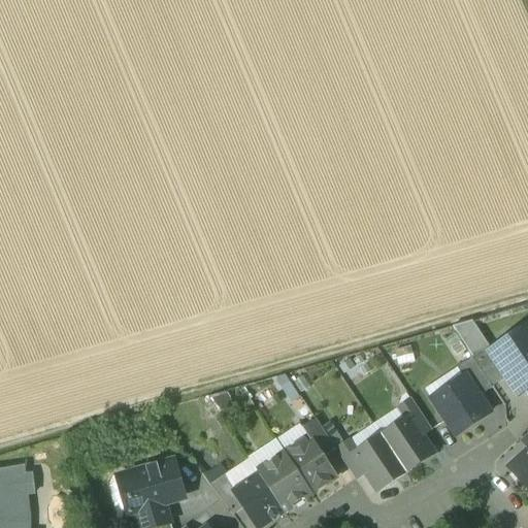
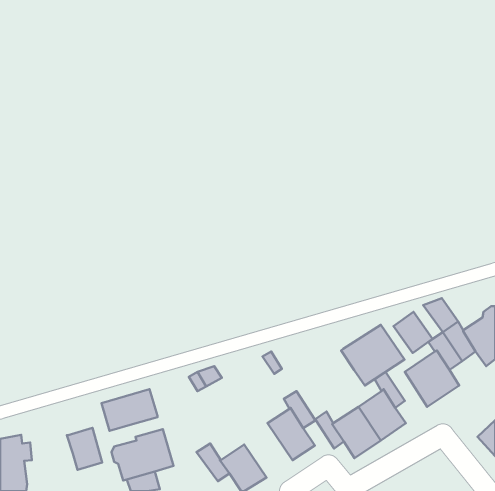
building: none -> [393,312,433,353]
building: none -> [341,325,404,385]
building: none -> [102,389,157,431]
building: [257,451,311,508] -> none
building: none -> [67,428,102,470]

